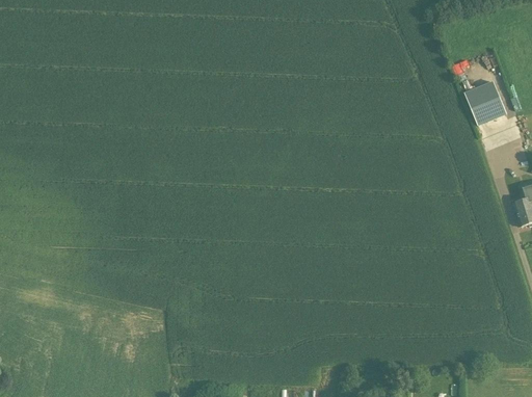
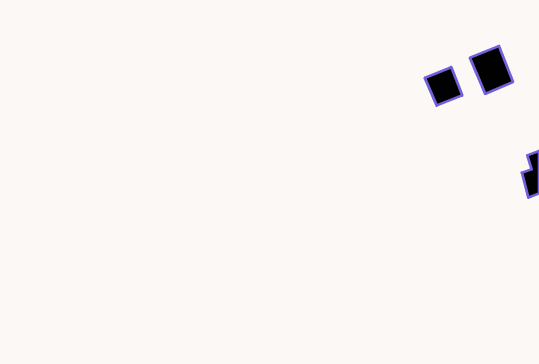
building: none -> [425,67,462,106]

